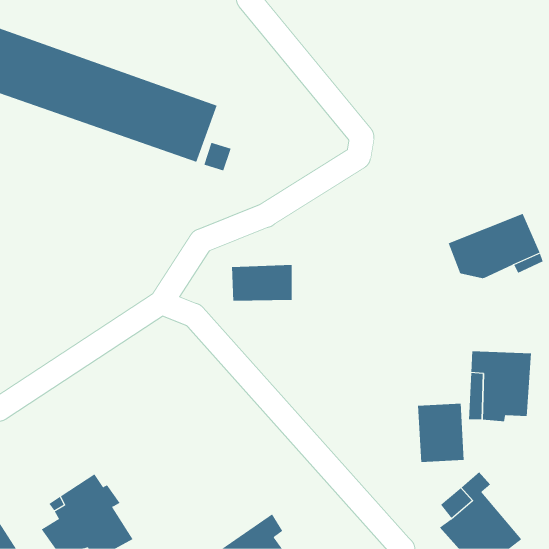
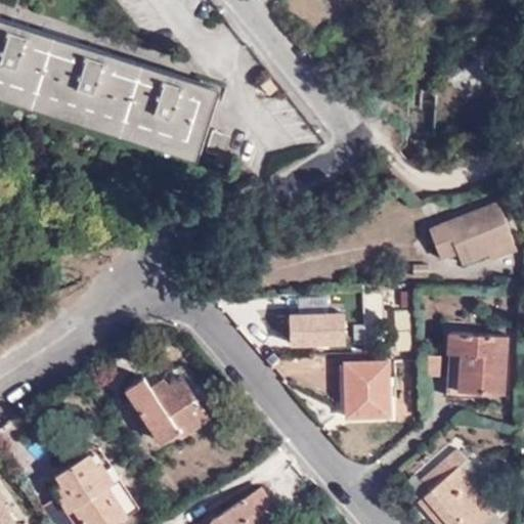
building: [231,265,293,301] -> [288,315,346,350]
building: none -> [126,376,211,440]
building: [417,403,465,462] -> [347,359,392,416]

